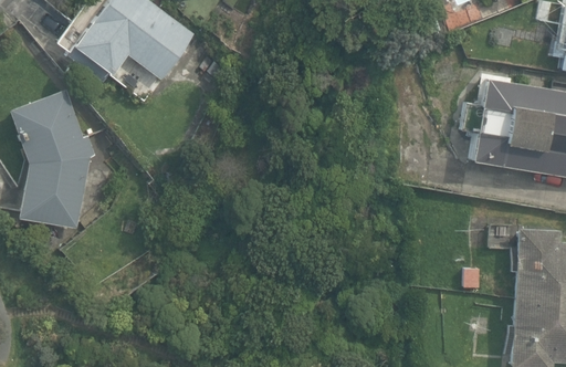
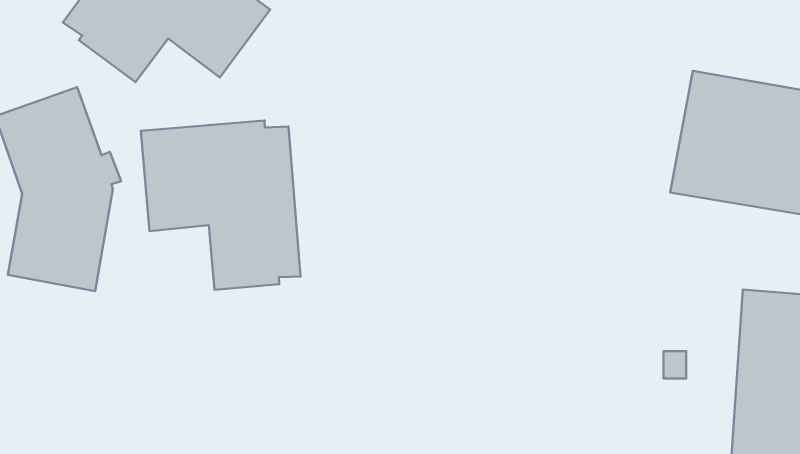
building: none -> [141,121,301,290]

